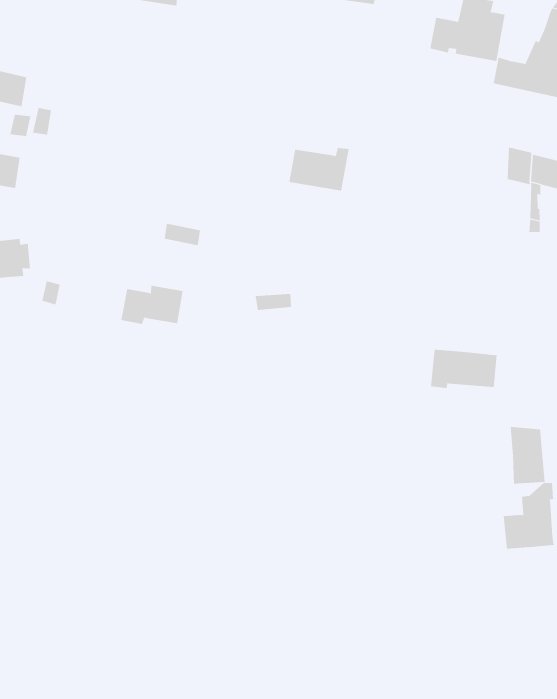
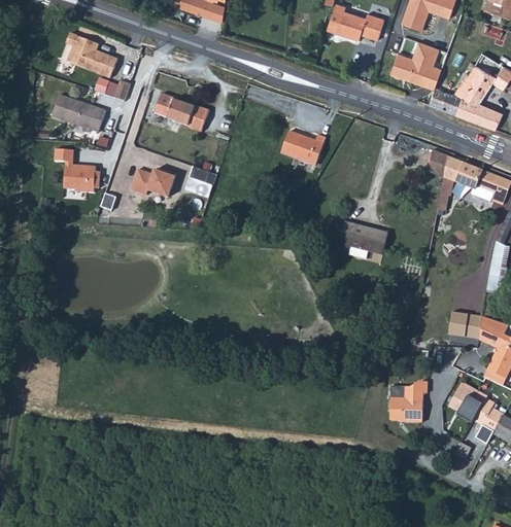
building: none -> [152,91,207,130]
building: [121,285,184,325] -> [131,169,176,198]
building: [430,349,497,388] -> [339,221,387,253]
building: [510,426,545,484] -> none

